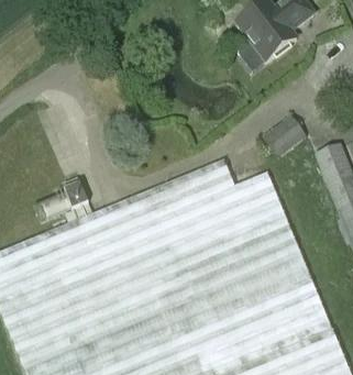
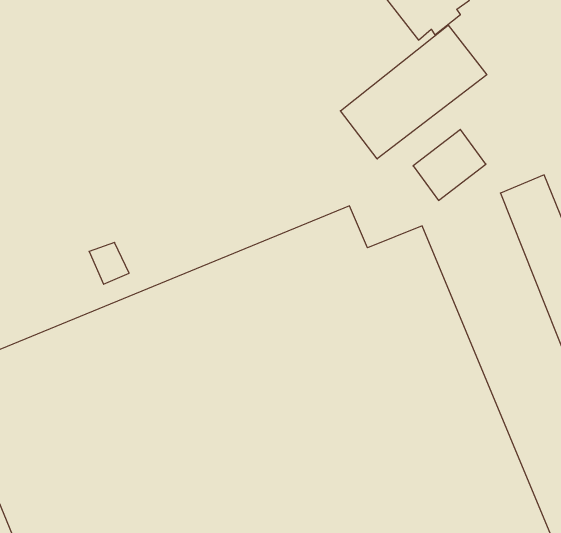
building: none -> [340,25,487,159]

